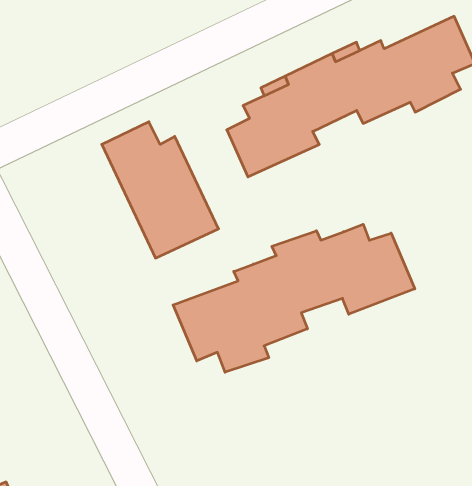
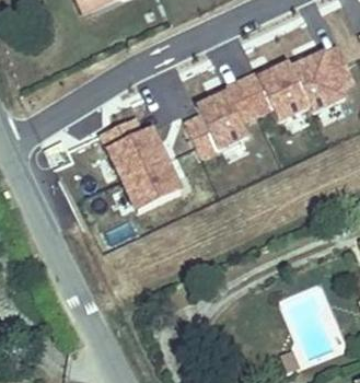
building: [173,224,415,372] -> none

